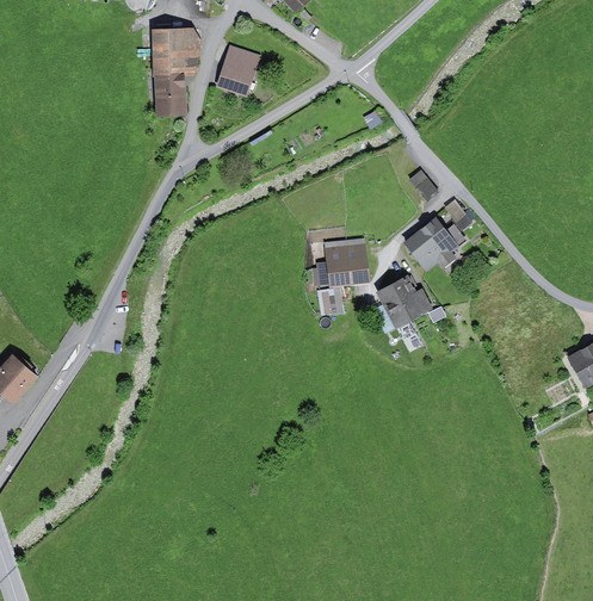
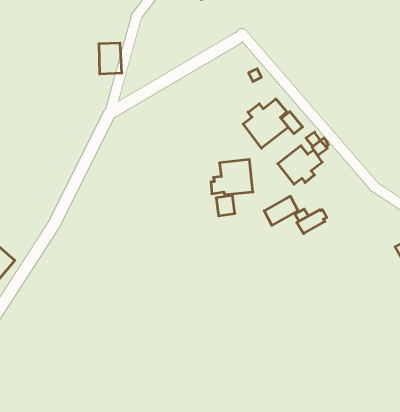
building: [152,29,200,75] -> none
building: [216,45,260,97] -> none
building: none -> [243,99,288,148]
building: [375,274,416,308] -> [297,210,327,234]

